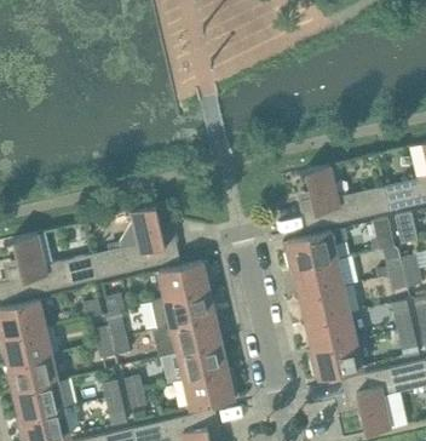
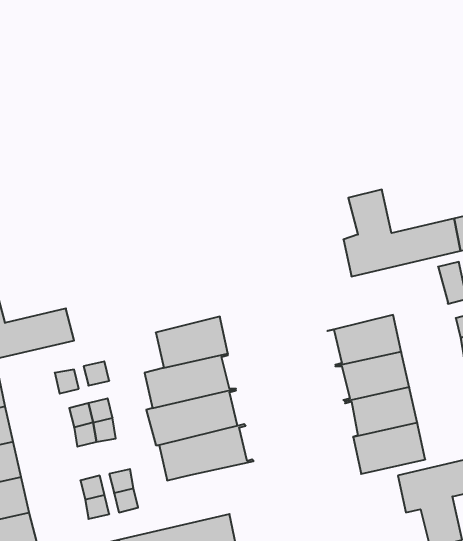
building: [91,206,179,279] -> none
building: [282,229,346,271] -> none
building: [183,370,238,408] -> none

